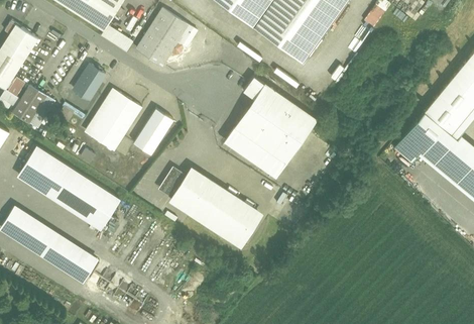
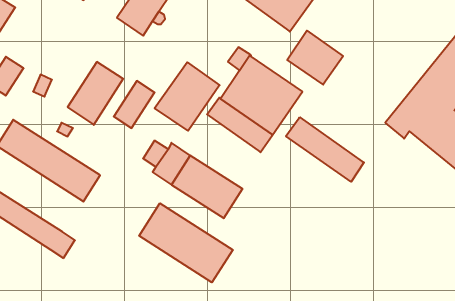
building: none -> [287,31,343,85]
building: [74,66,105,101] -> none
building: none -> [155,62,220,131]
building: none -> [286,117,364,182]
building: none -> [139,203,233,282]

